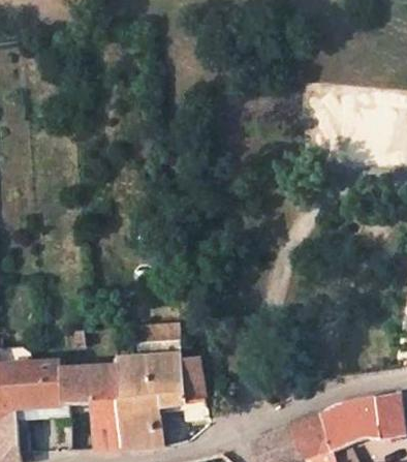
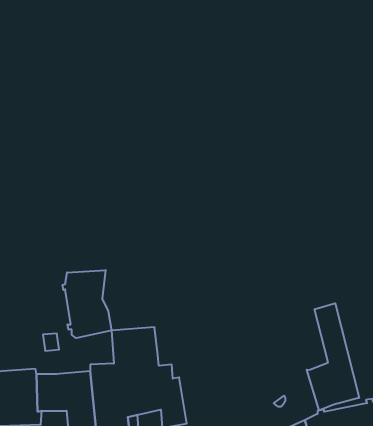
building: none -> [62,270,112,338]
building: none -> [307,303,359,410]

